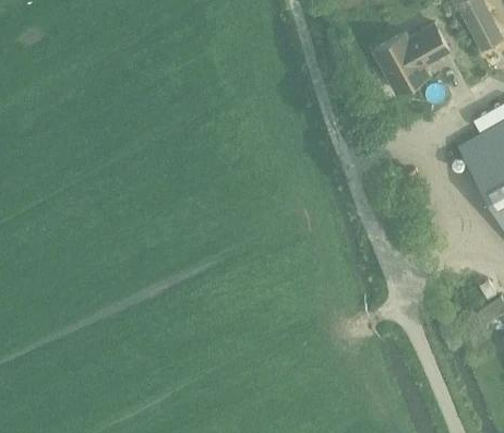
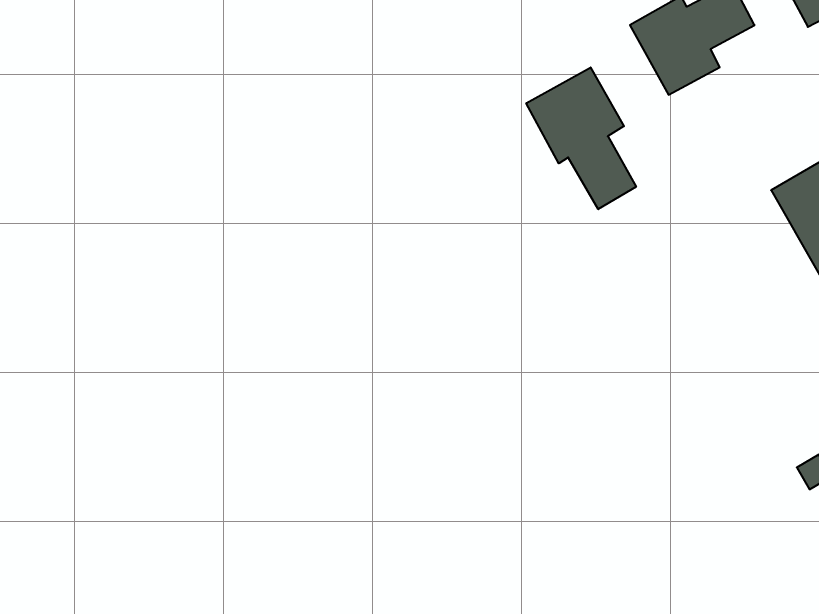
building: none -> [526,67,636,209]

